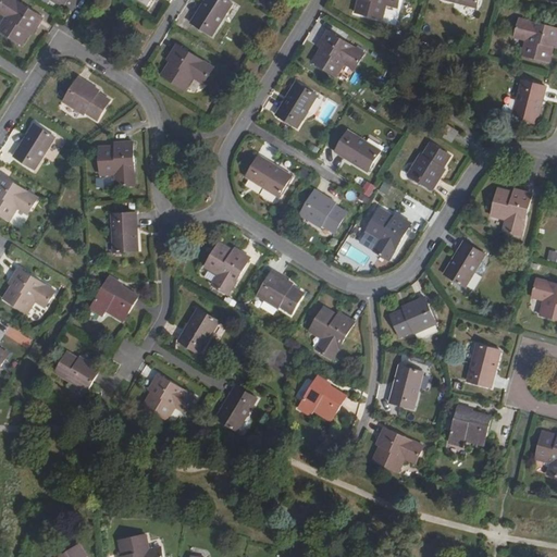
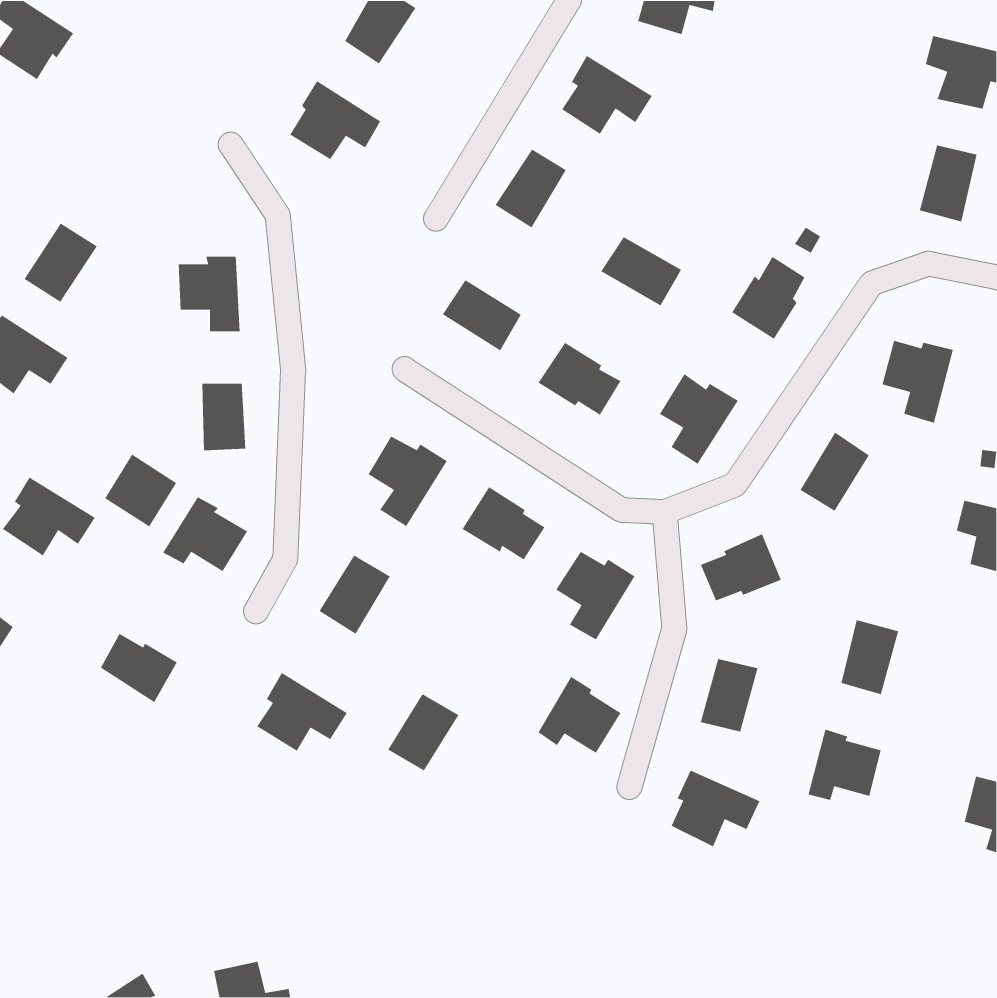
building: [63,77,109,120] -> none
building: none -> [104,454,177,528]

